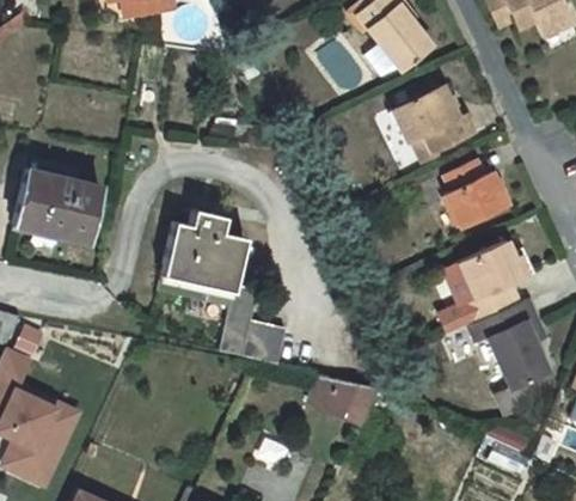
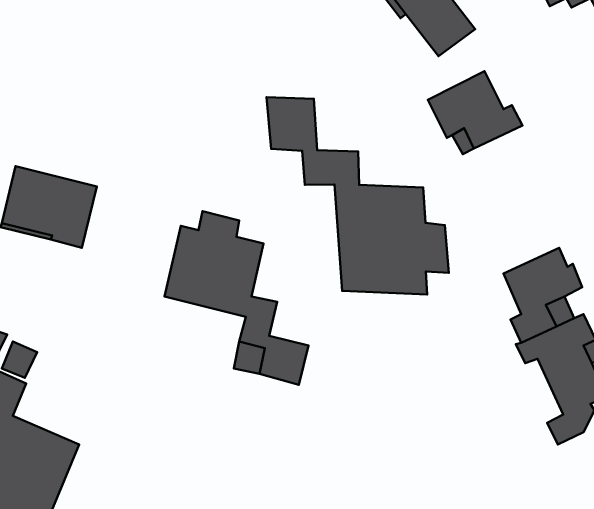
building: none -> [266,97,449,294]
building: [445,159,508,228] -> none
building: [310,374,376,423] -> none

